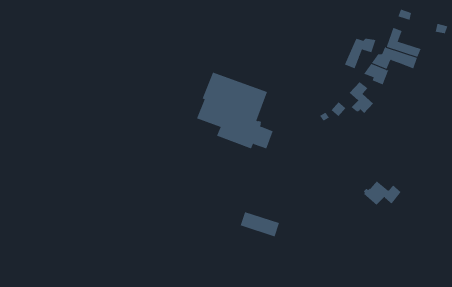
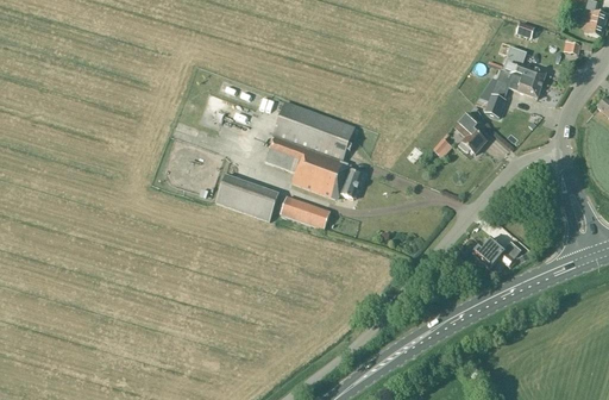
building: [344,37,376,69] -> none
building: none -> [215,174,280,221]
building: [240,211,280,237] -> [281,196,331,229]

